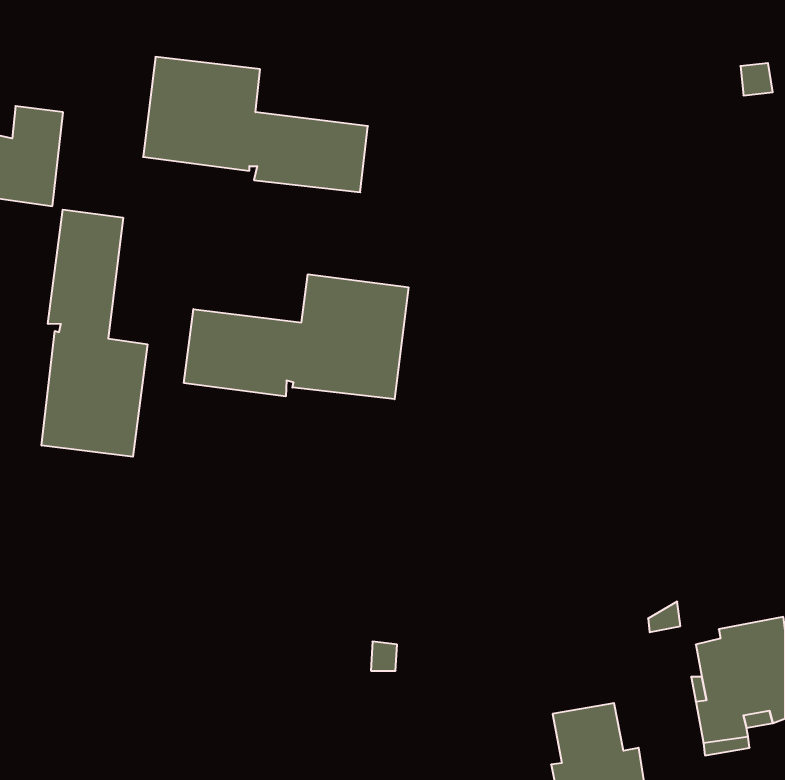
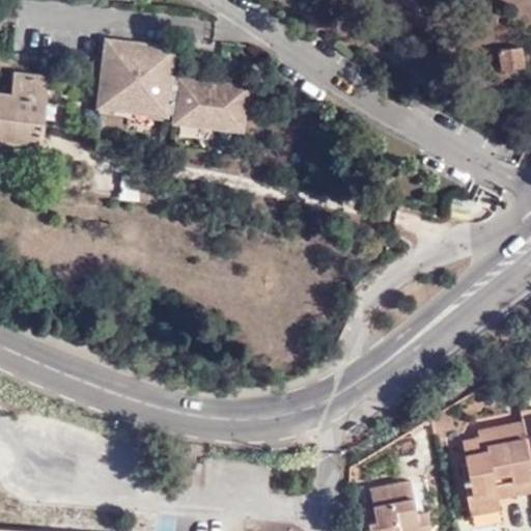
building: [42,210,147,457] -> none
building: [184,274,408,399] -> none

